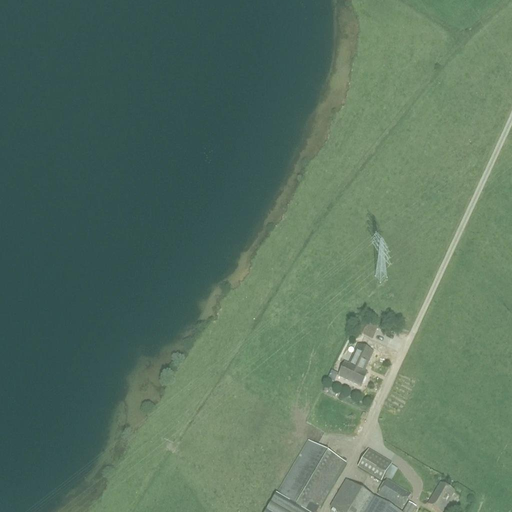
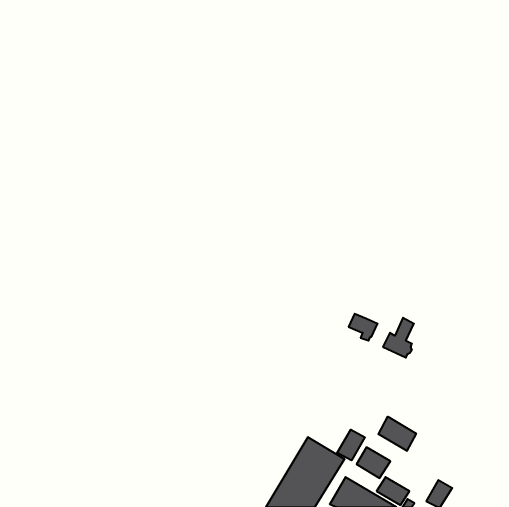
building: [338,346,369,386] -> [383,318,414,358]
building: none -> [378,417,416,451]
building: none -> [337,430,365,460]

